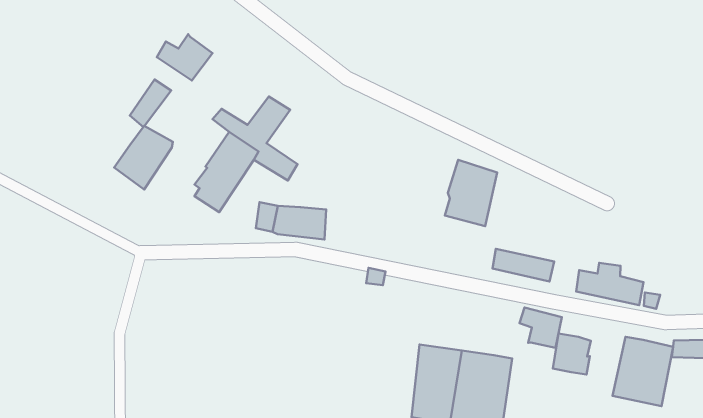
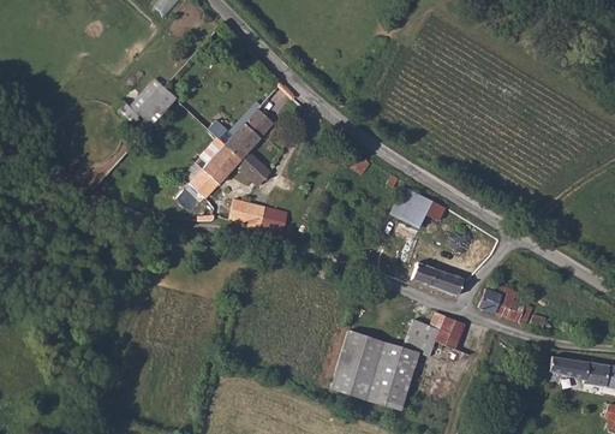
building: [157,34,212,80] -> none
building: [114,126,173,189] -> none
building: [553,334,591,374] -> [406,320,440,356]
building: [612,337,673,406] -> none

